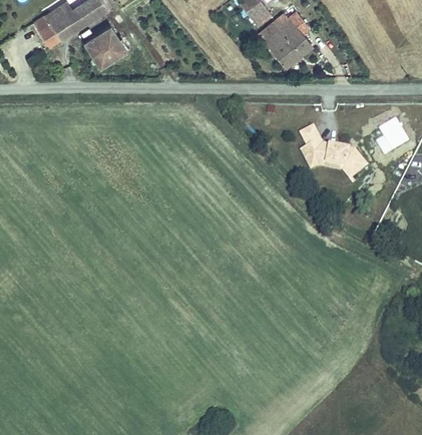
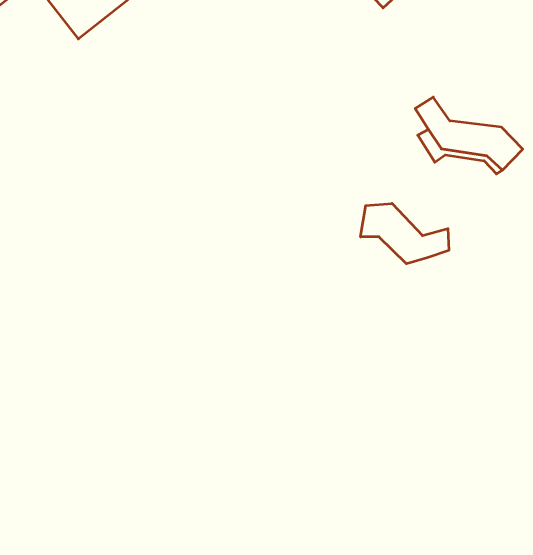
building: none -> [361,203,449,264]

